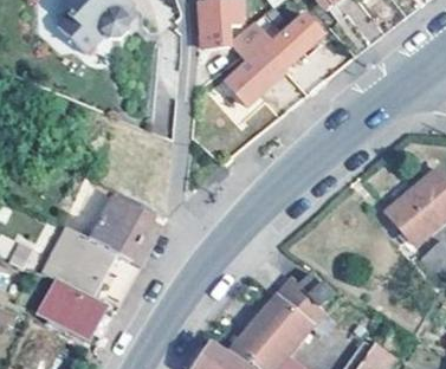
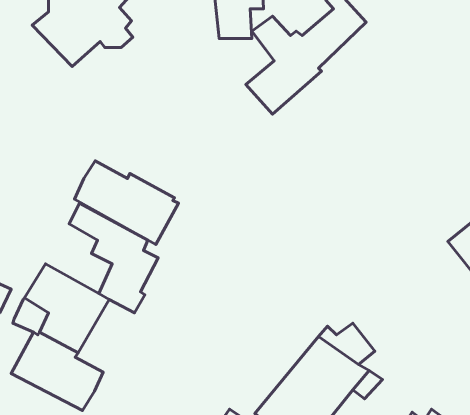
building: none -> [74,161,178,245]

